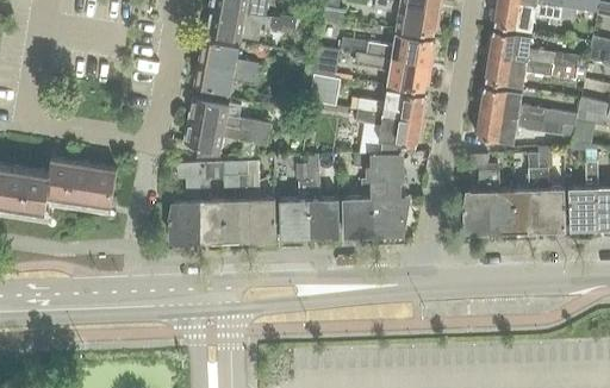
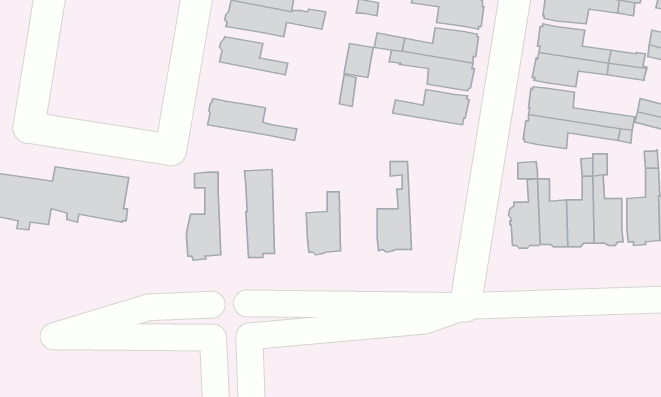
building: [194,64,260,94] -> none
building: [338,107,422,146] -> none
building: [185,121,268,159] -> none
building: [371,154,409,234] -> none
building: [307,155,340,237] -> none
building: [248,162,276,240] -> none
building: [199,164,226,243] -> none

